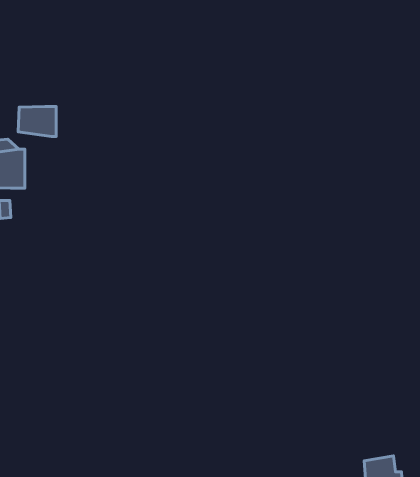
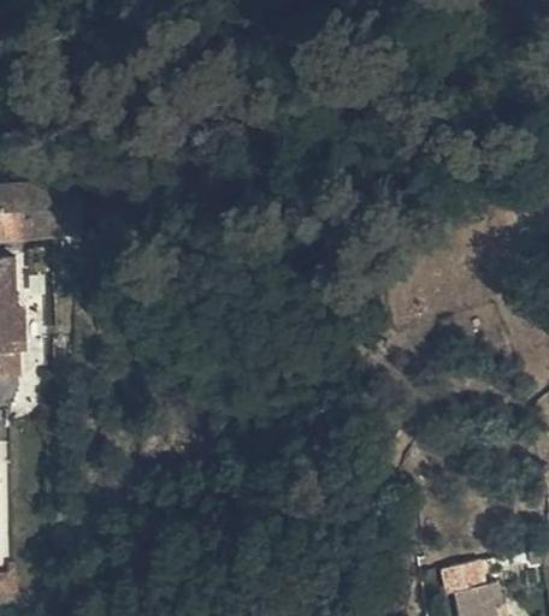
building: [18,107,56,137] -> none

